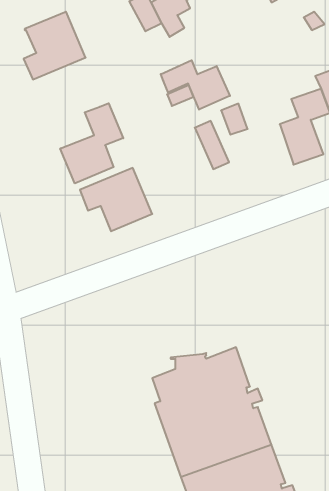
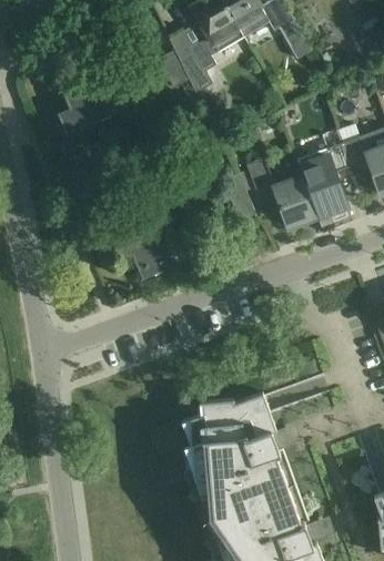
building: [161,60,230,110] -> none
building: [60,103,123,183] -> none
building: none -> [273,177,317,227]

